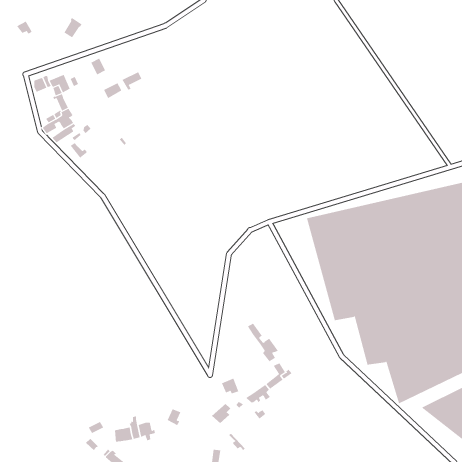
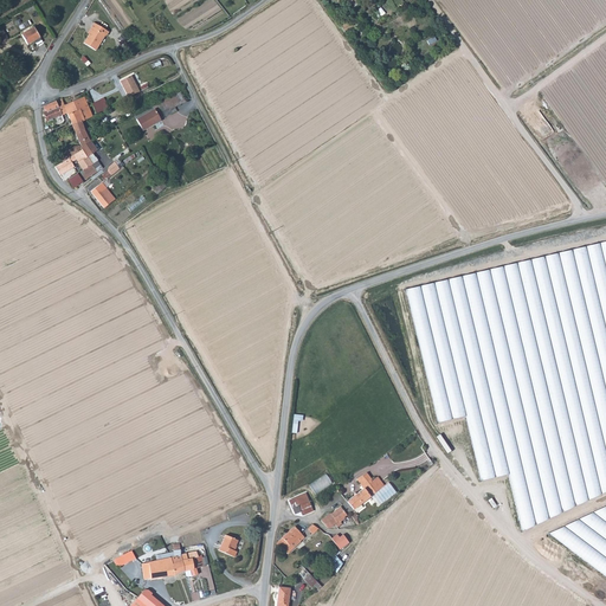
building: [247,323,279,362] -> none

